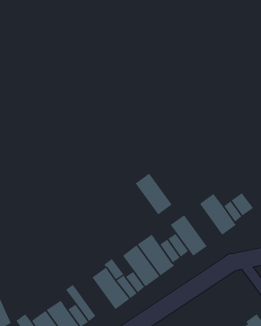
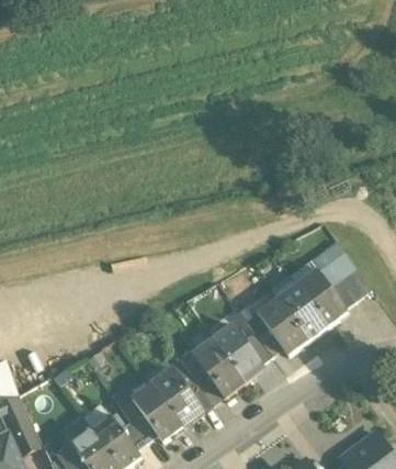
building: [135,173,172,215] -> [275,284,326,342]
building: none -> [309,253,353,288]
building: none -> [129,384,181,442]

